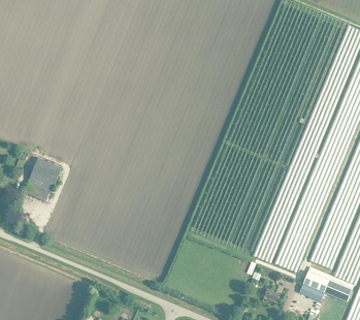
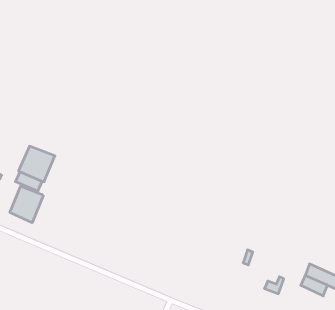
building: none -> [10,186,43,223]

